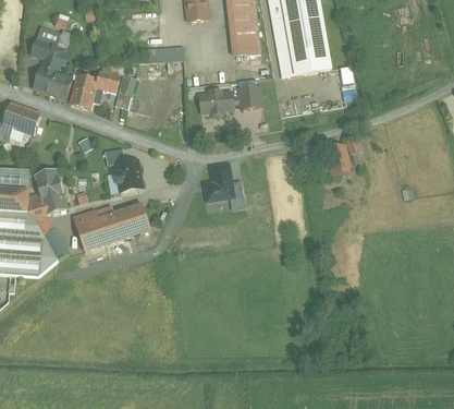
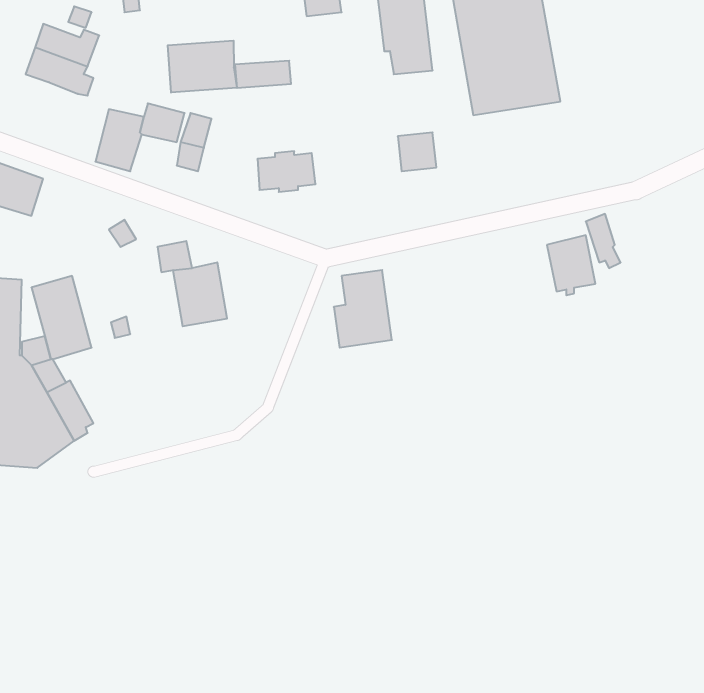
building: none -> [168,41,237,93]
building: [32,58,71,98] -> none
building: [199,91,232,113] -> [257,151,316,192]
building: [72,204,149,250] -> none

